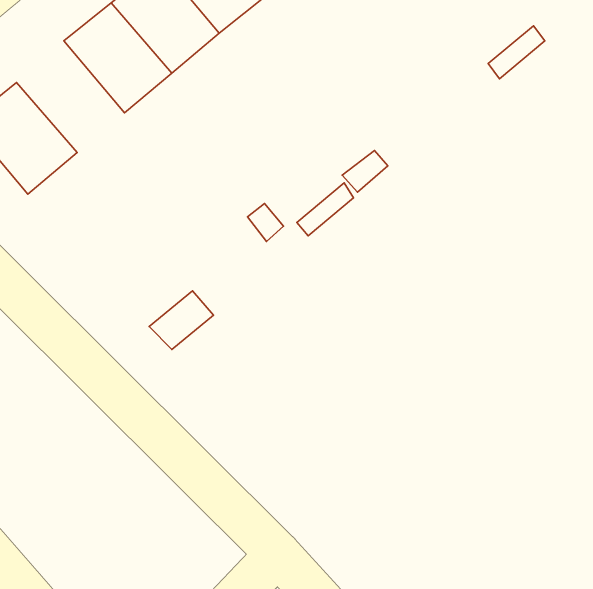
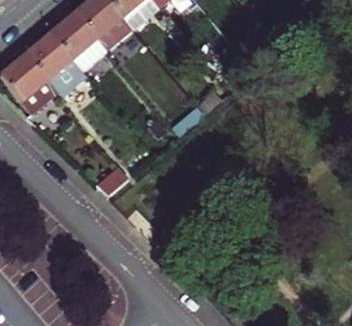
building: none -> [26,30,83,89]

